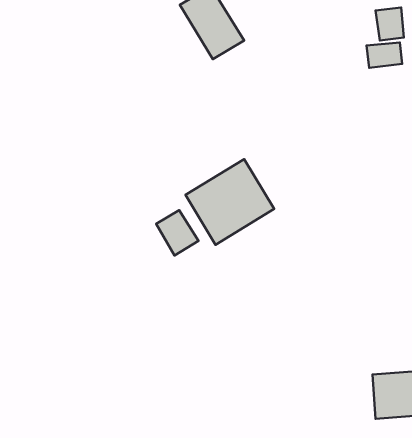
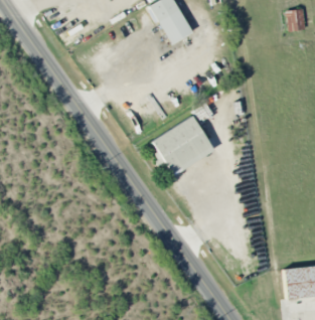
building: [367,43,402,68] -> none
building: [156,210,199,256] -> none

